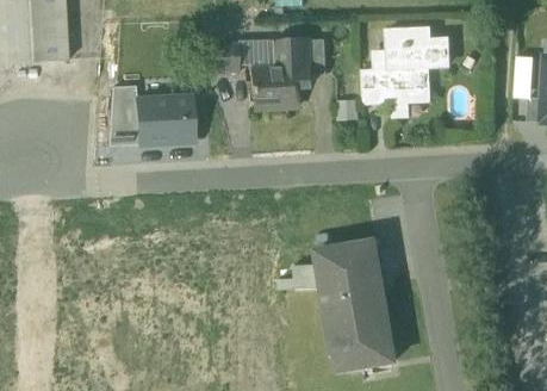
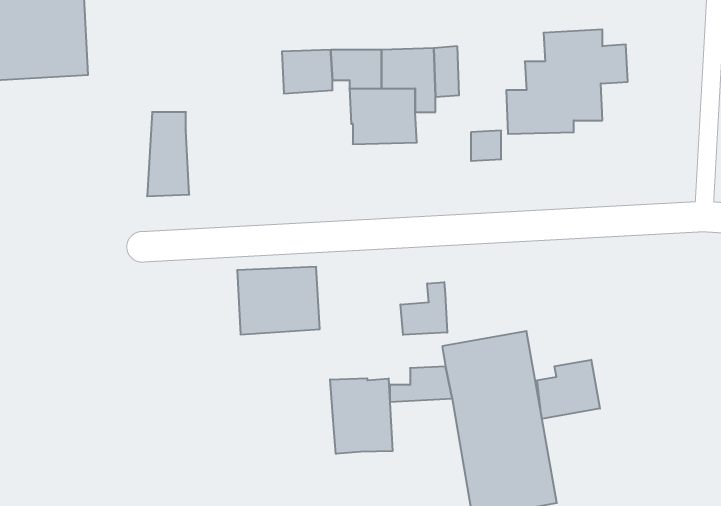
building: [135,95,193,143] -> [237,267,320,334]
building: none -> [400,282,447,335]
building: none -> [537,360,600,419]
building: none -> [330,378,393,454]

